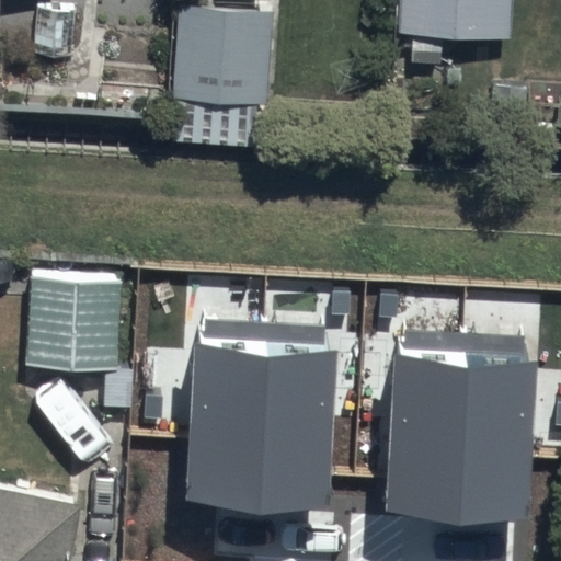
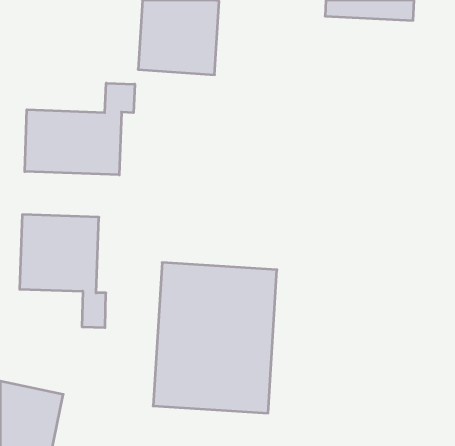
building: none -> [25,83,135,175]
building: [386,348,531,533] -> none

